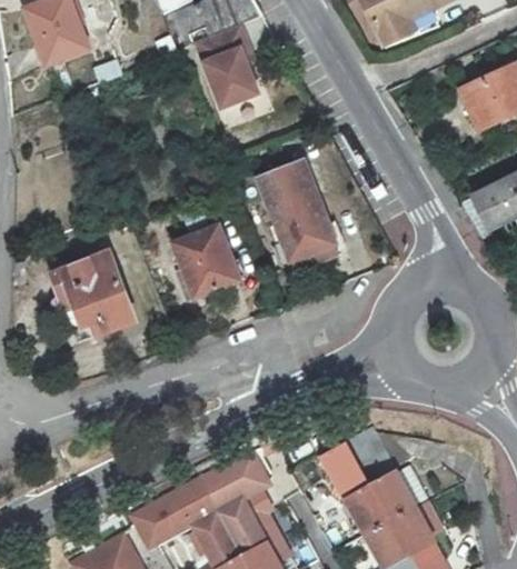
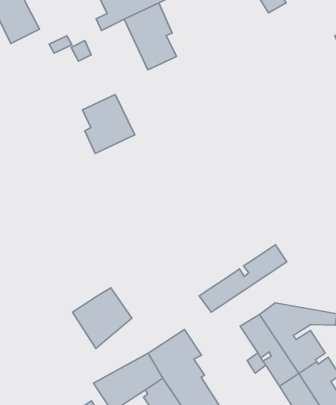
building: [261,153,339,263] -> none
building: [176,230,240,303] -> [82,94,135,153]
building: [51,254,135,345] -> none
building: none -> [199,245,287,312]
building: none -> [72,288,132,348]

